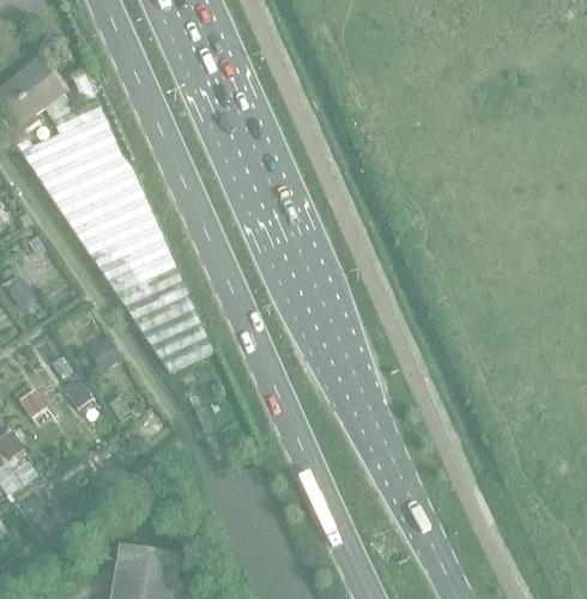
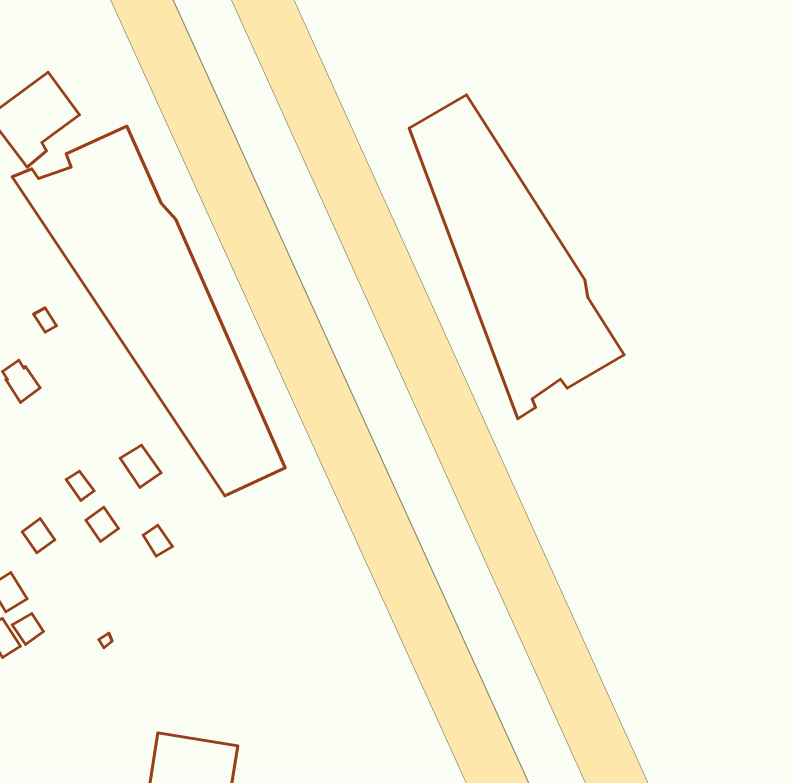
building: none -> [409,95,624,419]

